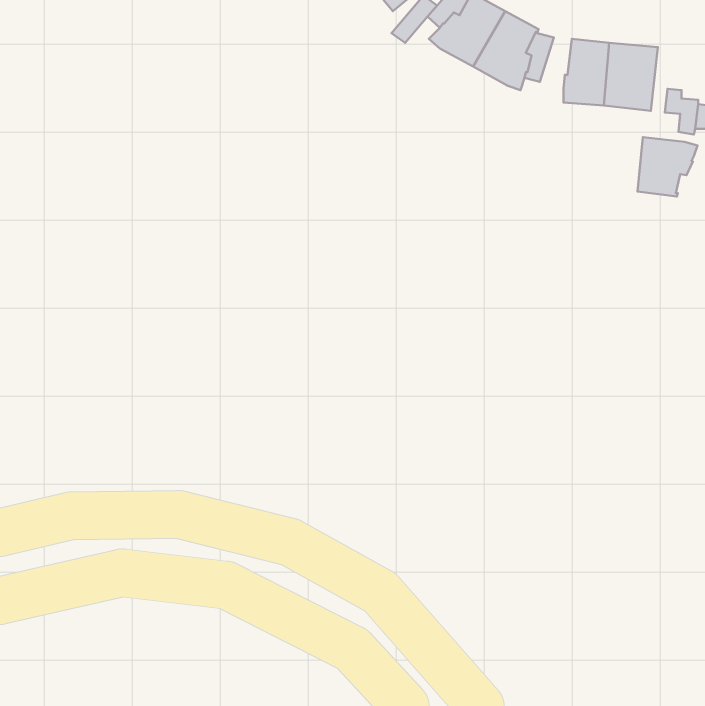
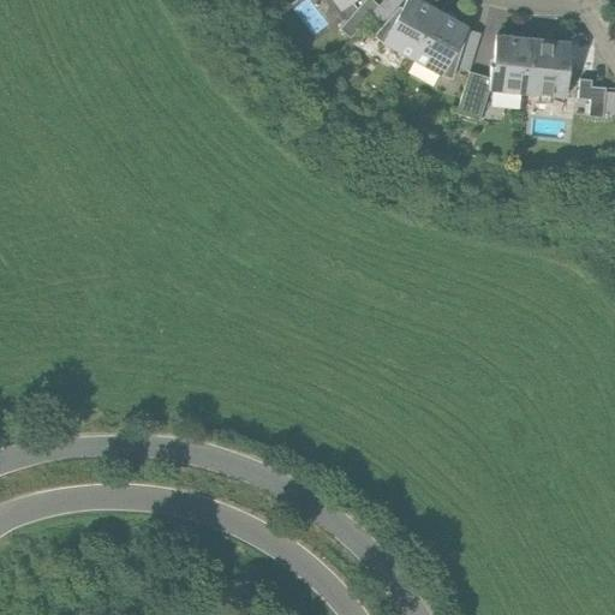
building: none -> [459,71,491,119]
building: [637,137,698,197] -> none

